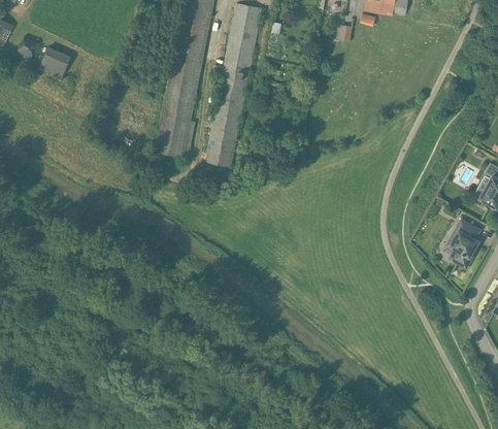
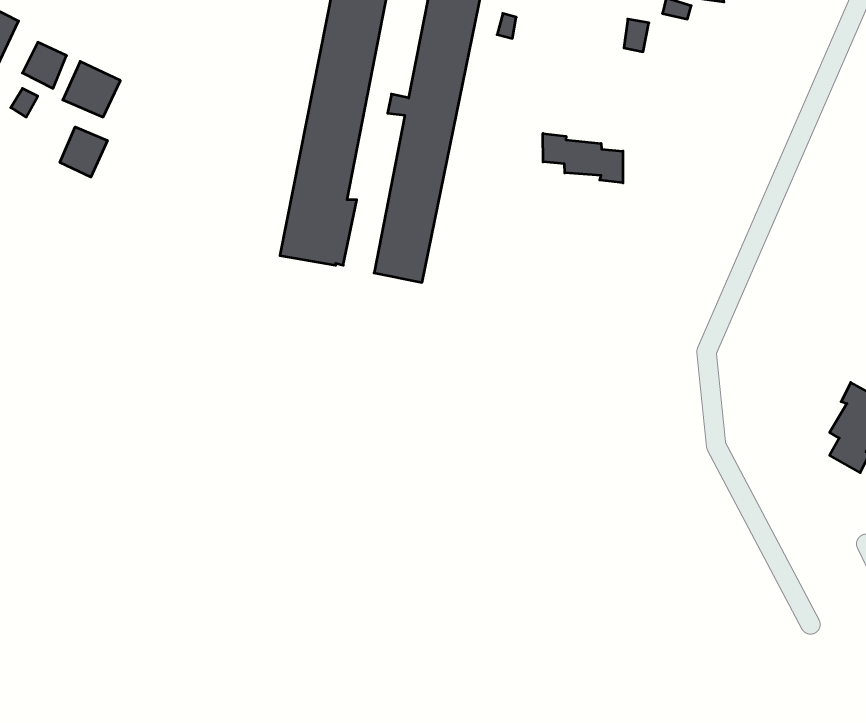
building: none -> [60,127,107,177]
building: none -> [543,133,623,183]

